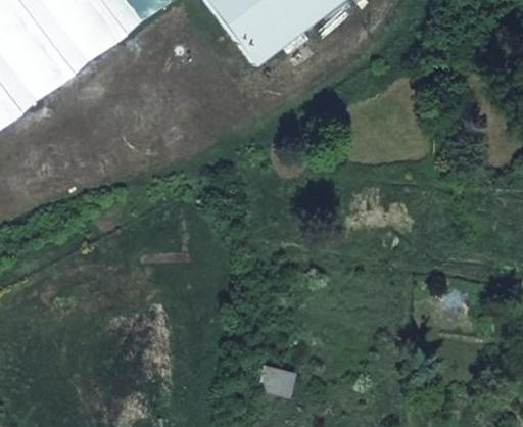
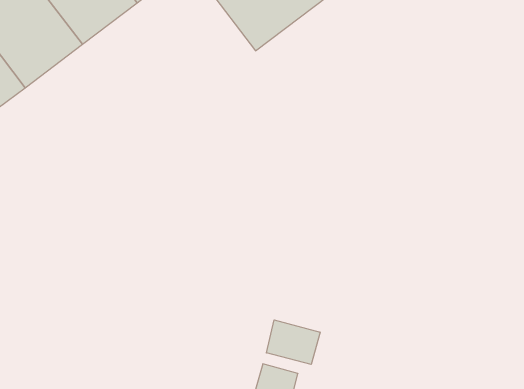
building: none -> [266,320,320,364]

